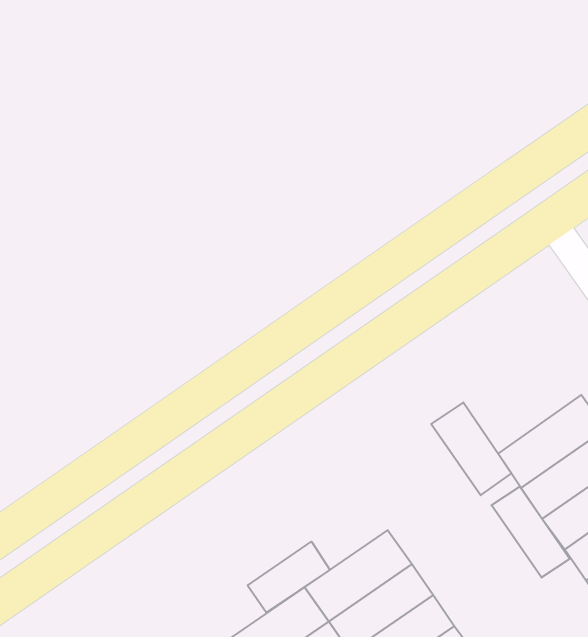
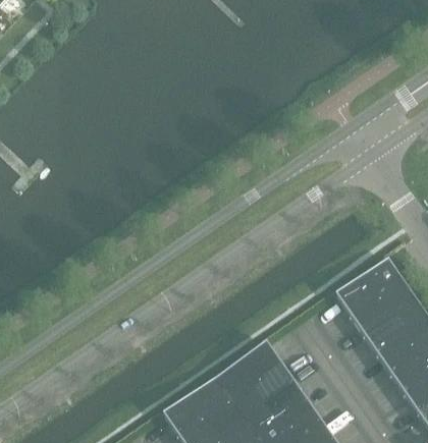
building: [431,402,511,495] -> none
building: [491,486,570,578] -> none
building: [248,542,330,613] -> none

